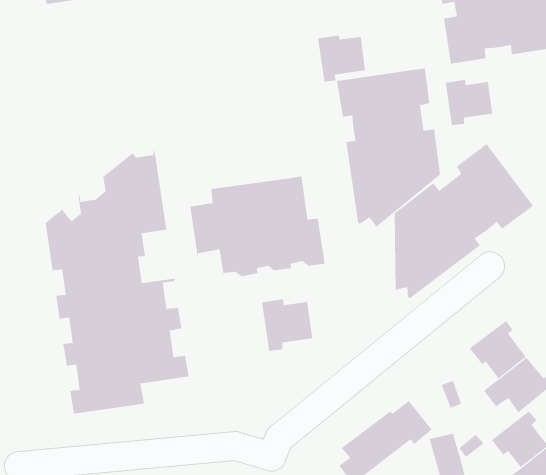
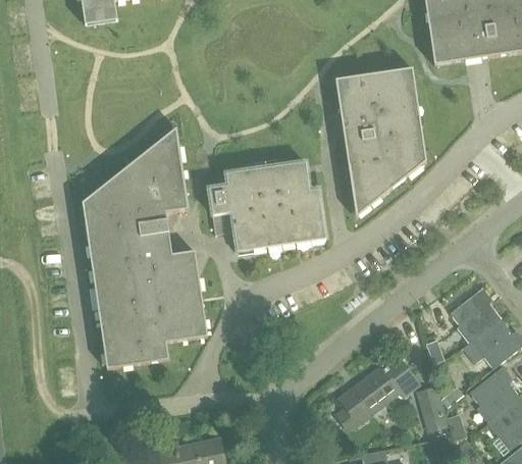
building: [318,35,365,82] -> none
building: [445,79,493,126] -> none
building: [394,143,534,299] -> none
building: [262,298,313,351] -> none

